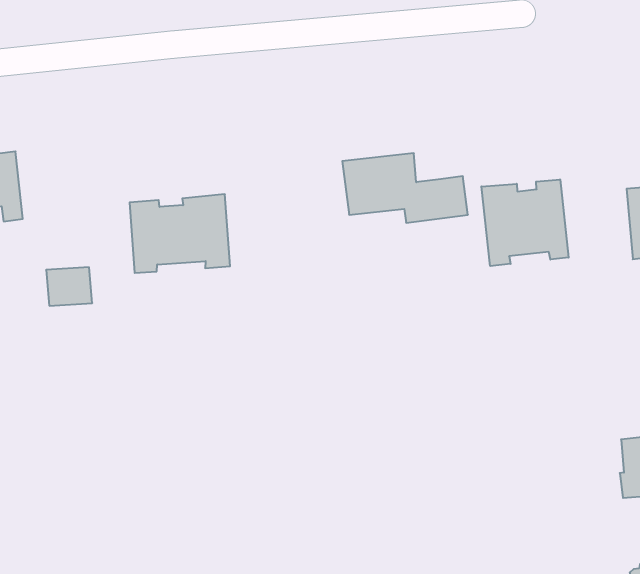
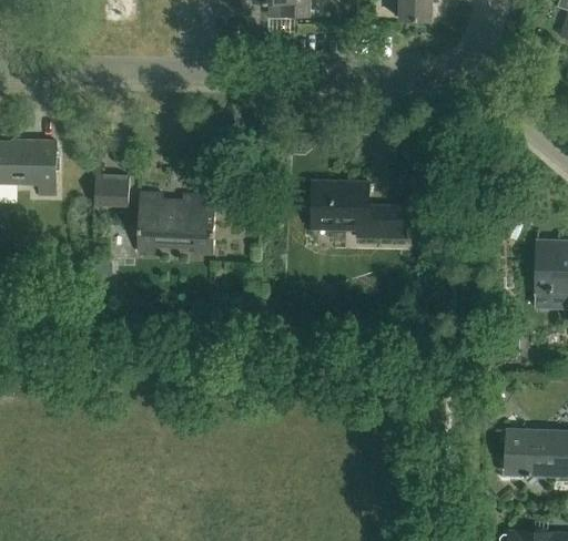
building: [481,179,569,266] -> none
building: [46,267,92,306] -> [95,174,131,205]

